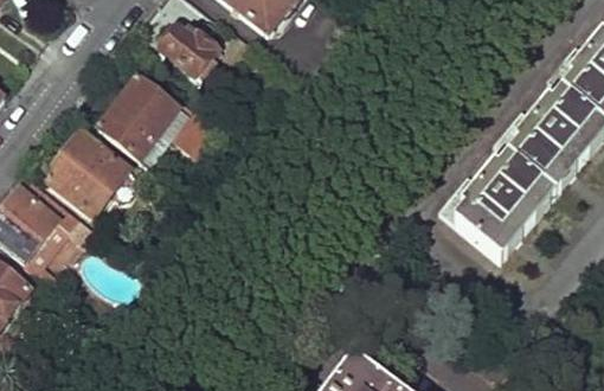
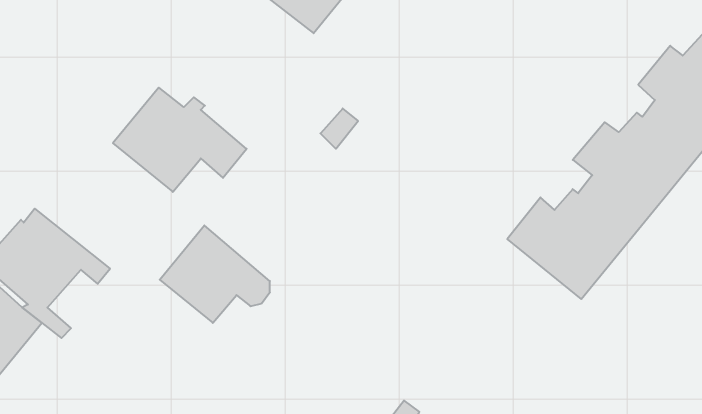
building: [163,26,217,76] -> none
building: [47,132,141,214] -> [160,225,270,323]

